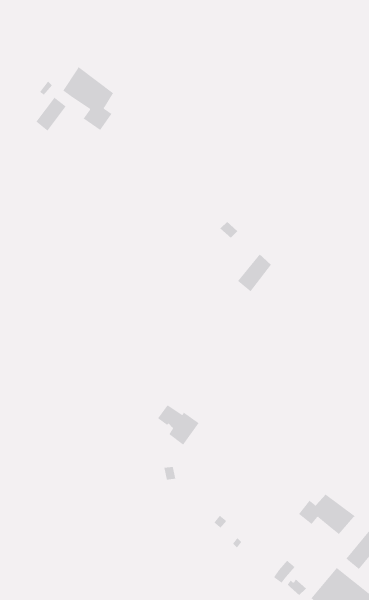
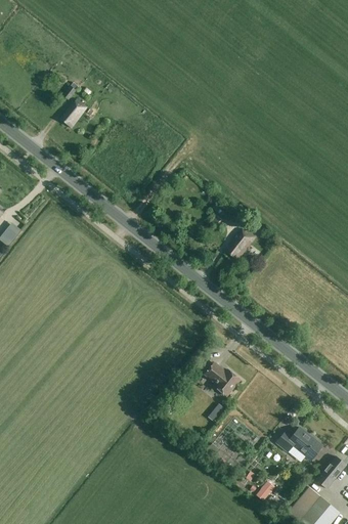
building: [62,66,114,131] -> none
building: [157,404,200,445] -> [205,362,240,396]

